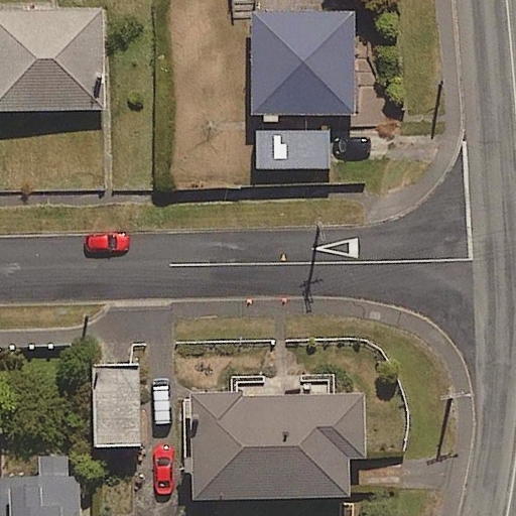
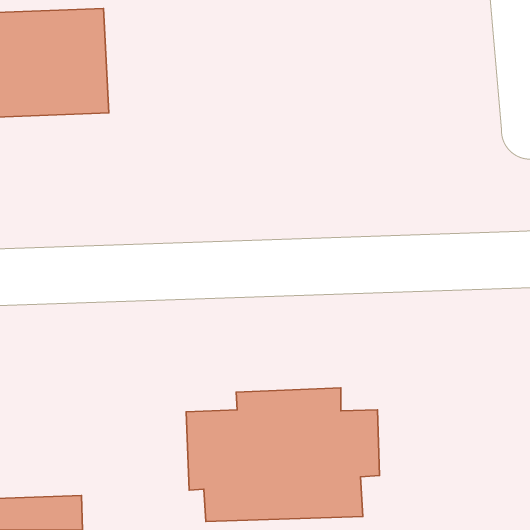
building: [251,9,358,169] -> none
building: [91,364,138,448] -> none

